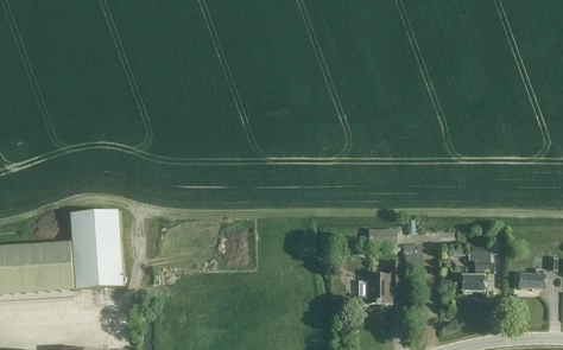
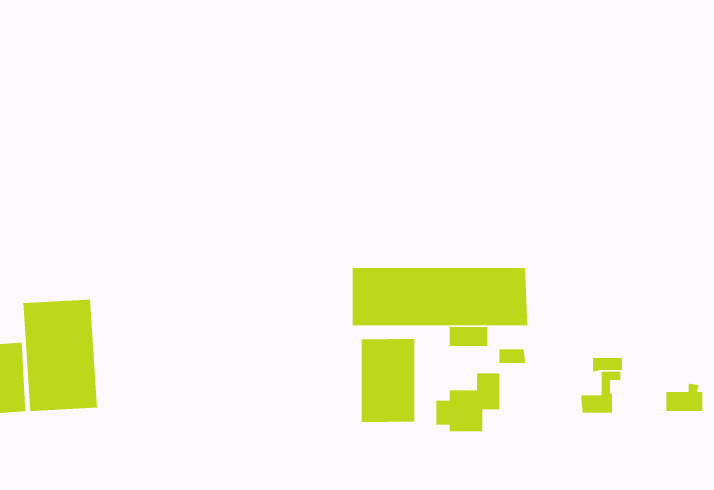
building: none -> [352,267,528,326]
building: none -> [361,338,415,423]

